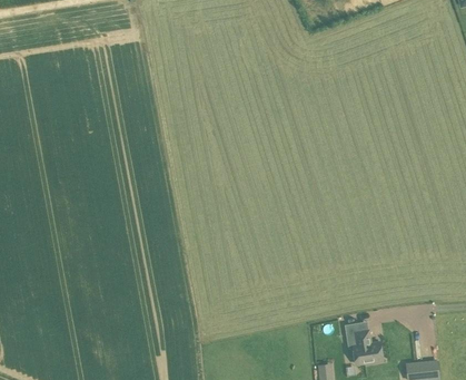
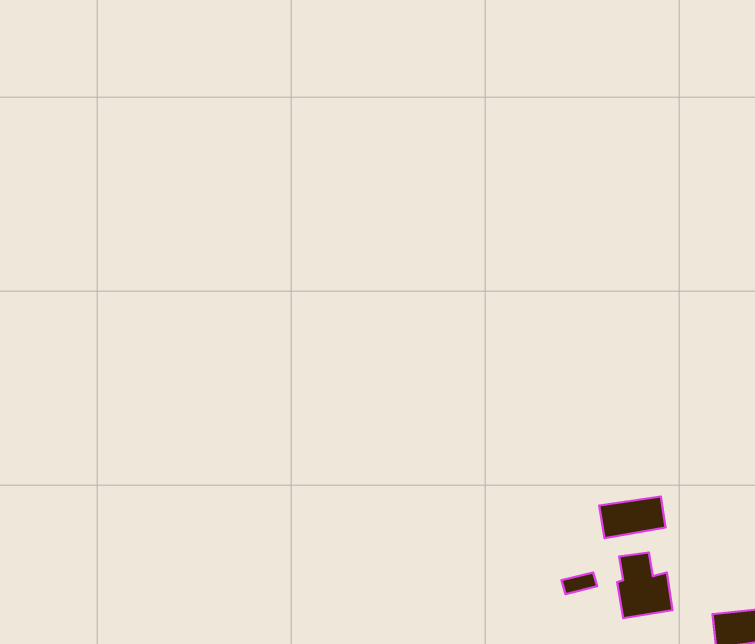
building: none -> [599,497,666,538]

